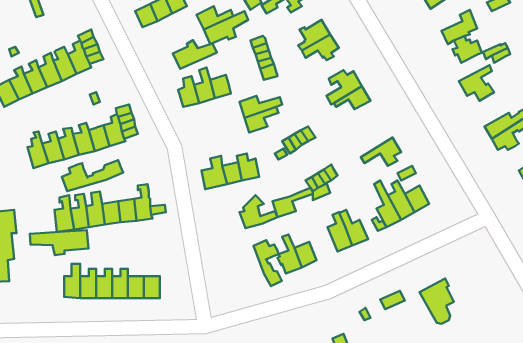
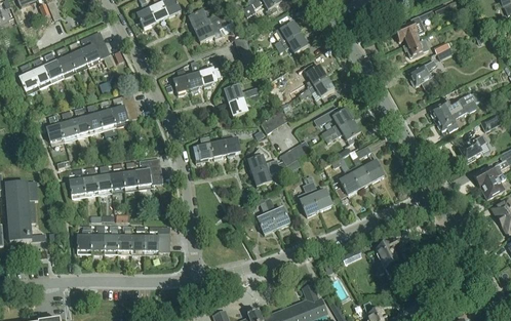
building: [173,40,217,69] -> none
building: none -> [315,107,352,135]
building: [62,160,123,191] -> none
building: [239,195,277,228] -> [246,145,278,172]
building: [30,230,88,255] -> none
building: [253,240,282,286] -> none

